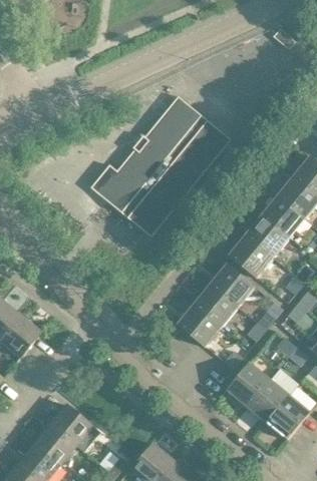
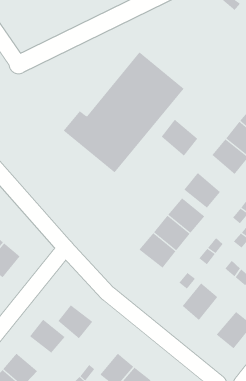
building: [245,215,288,259] -> [161,119,198,156]
building: [247,380,289,423] -> none
building: [35,425,76,465] -> [58,304,93,339]

